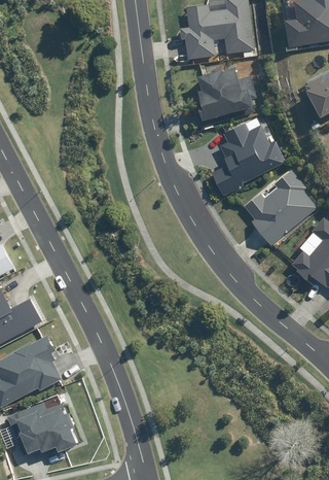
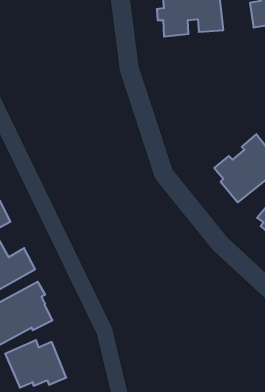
building: [197,68,257,122] -> none
building: [211,122,286,196] -> none

